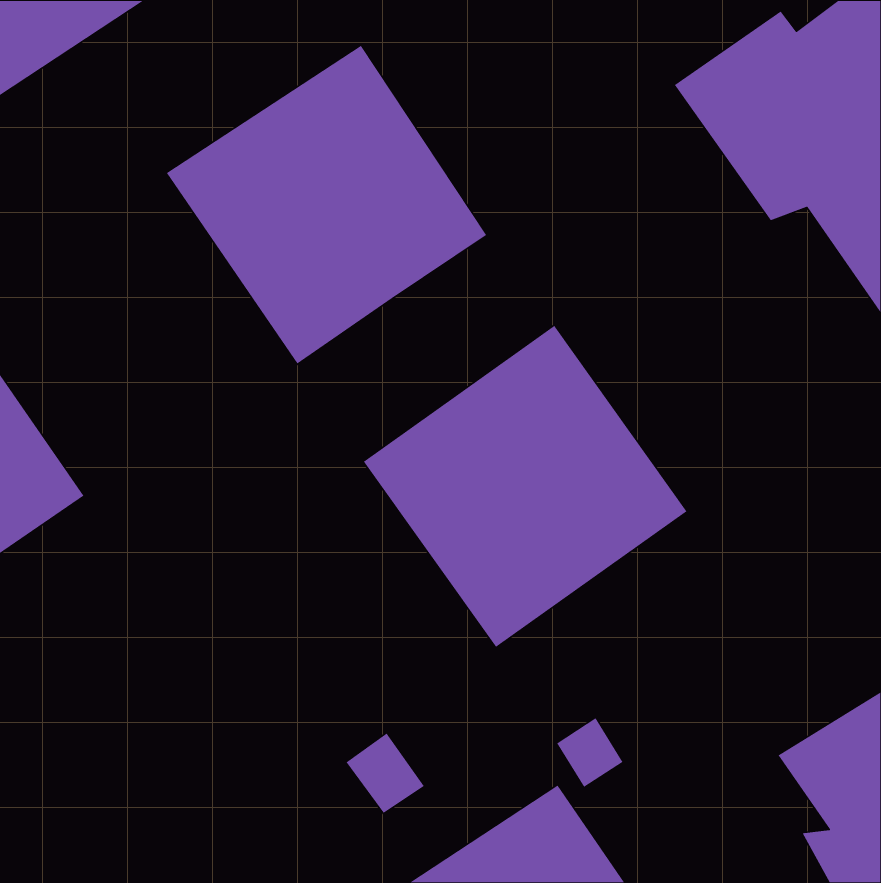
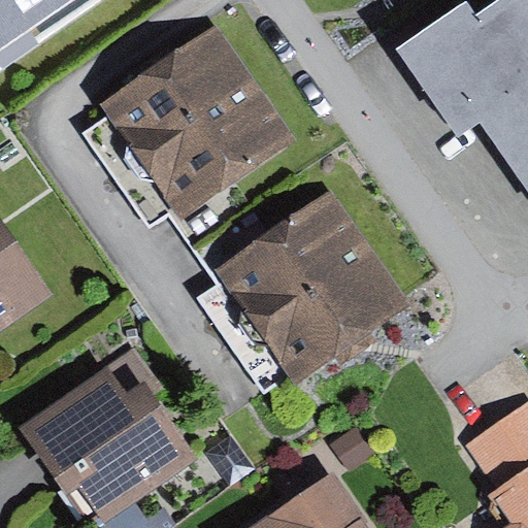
building: none -> [18,348,196,523]

